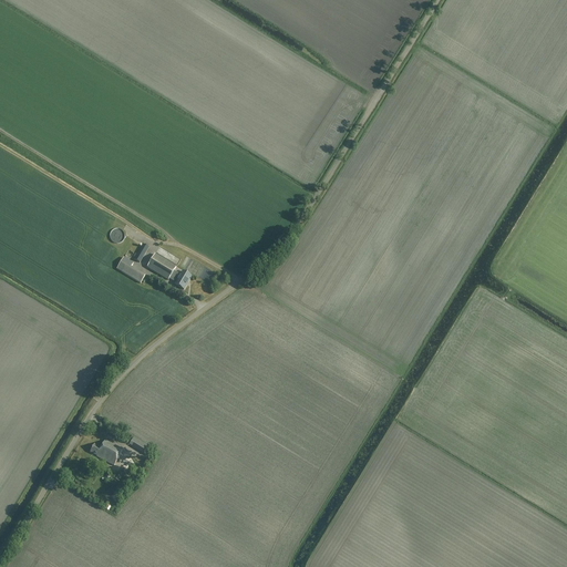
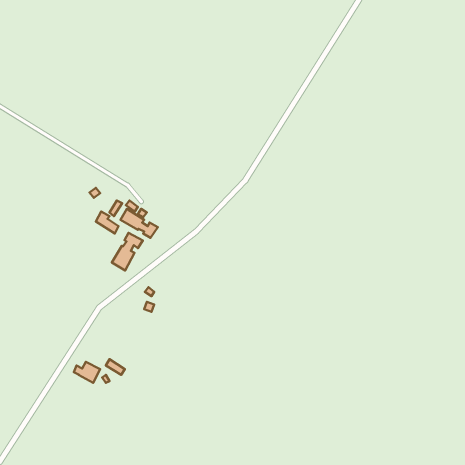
building: none -> [112,233,143,270]

